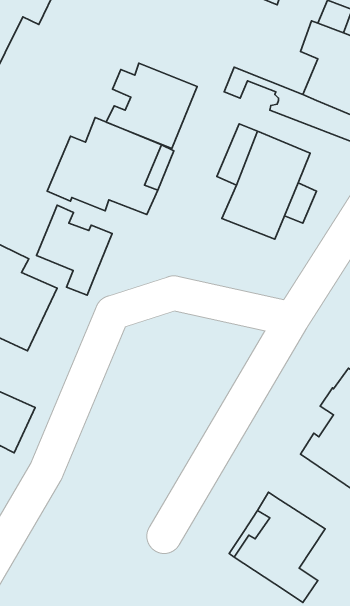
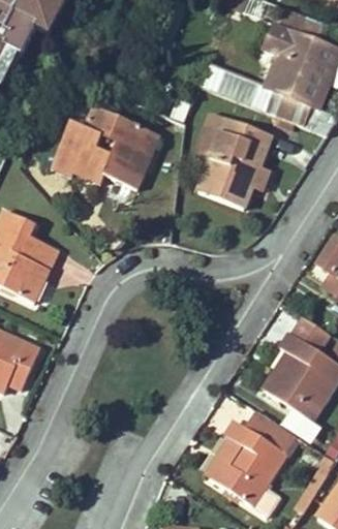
building: [106,63,197,149] -> none
building: [36,205,112,295] -> none
building: none -> [244,408,297,453]

